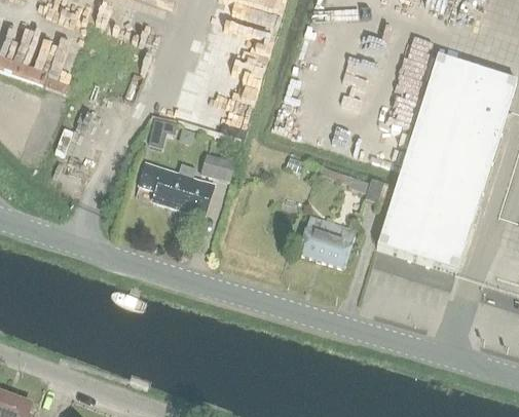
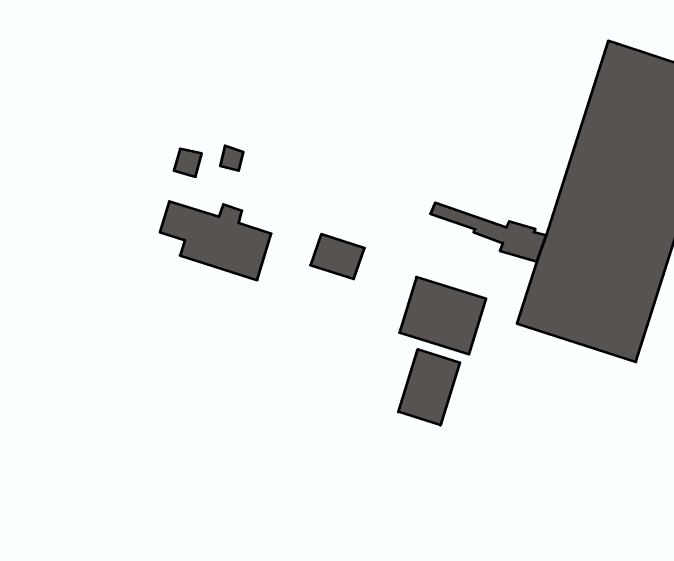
building: [200,152,236,182] -> [310,234,365,279]
building: none -> [398,349,460,425]

